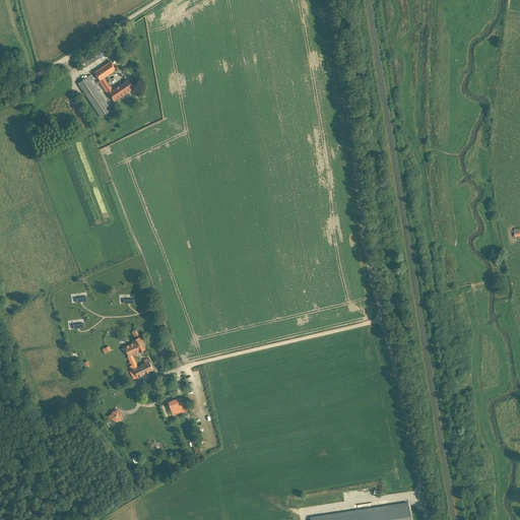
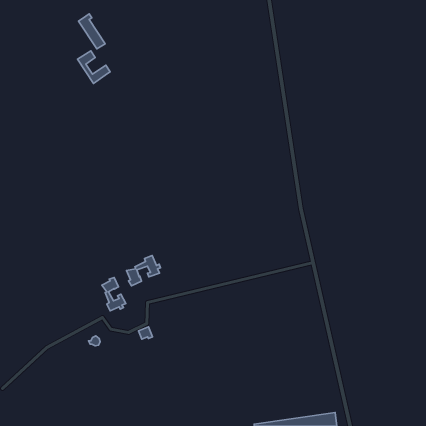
building: [78,74,111,117] -> [78,14,105,49]
building: none -> [127,255,161,286]

